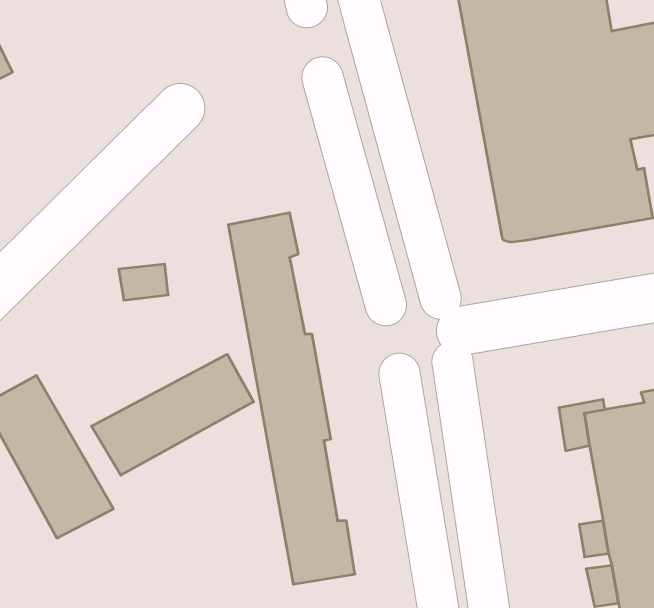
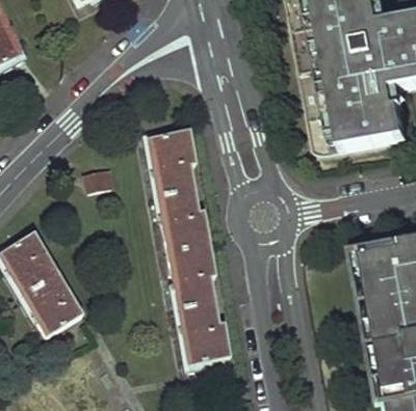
building: [91,354,254,475] -> none

